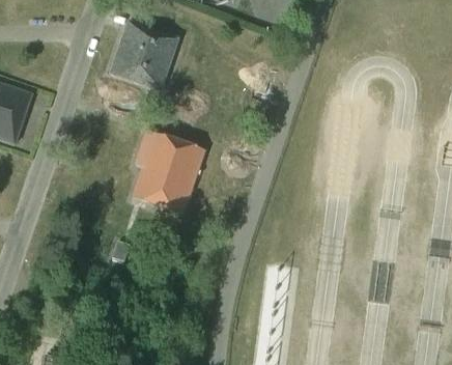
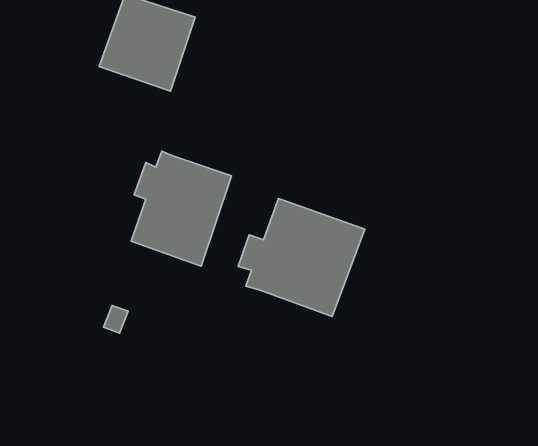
building: none -> [238,199,365,317]

